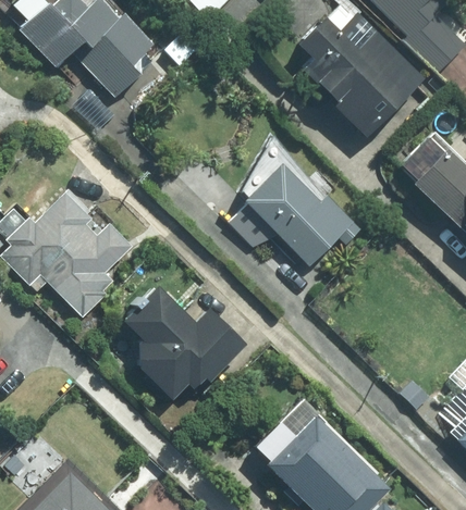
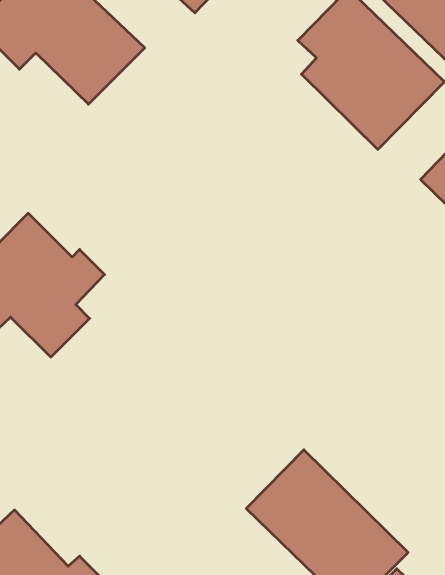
building: [246,157,363,264] -> none
building: [125,286,246,400] -> none

